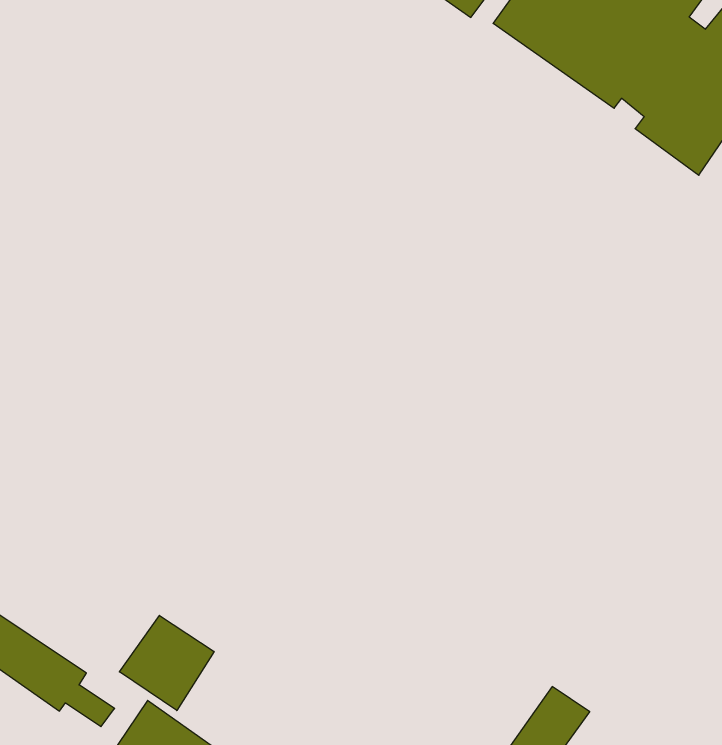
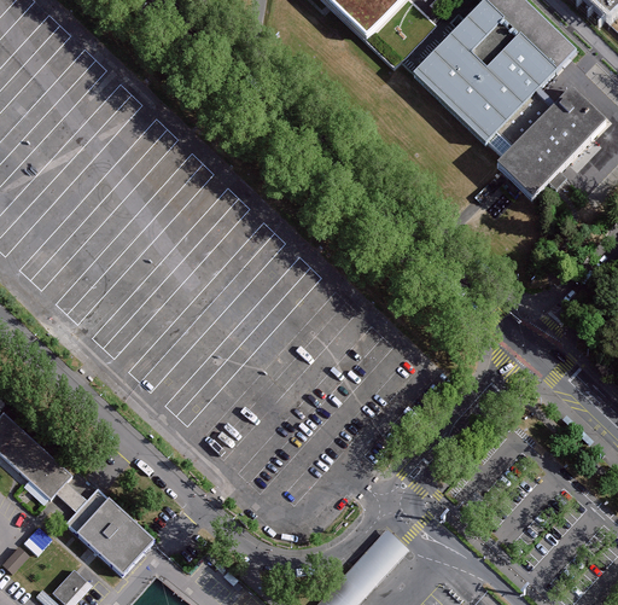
building: [119,615,214,711] -> none

